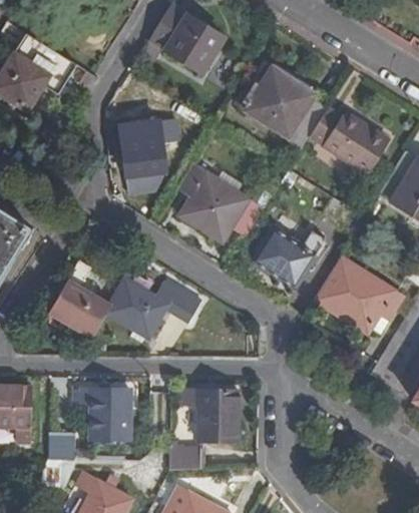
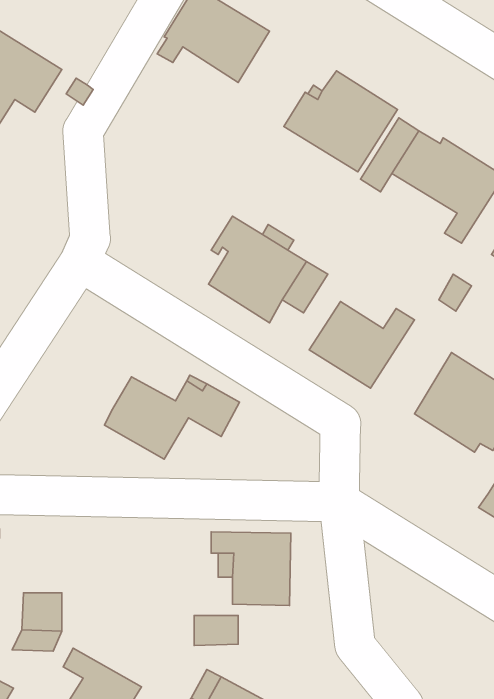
building: [118,118,175,195] -> none
building: [48,261,111,340] -> none
building: [75,389,130,440] -> none

